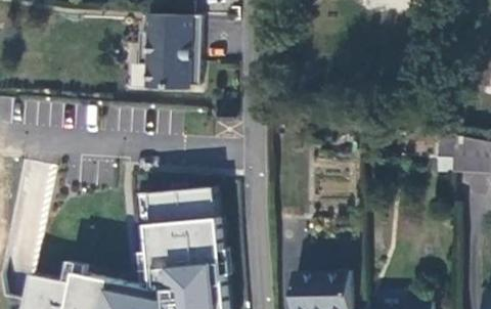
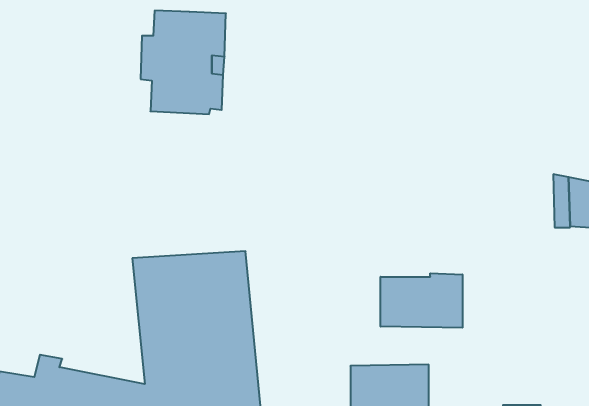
building: none -> [381,273,462,328]

